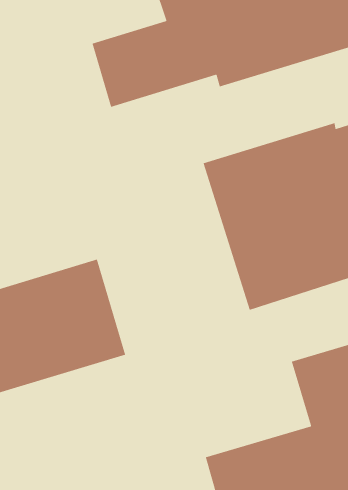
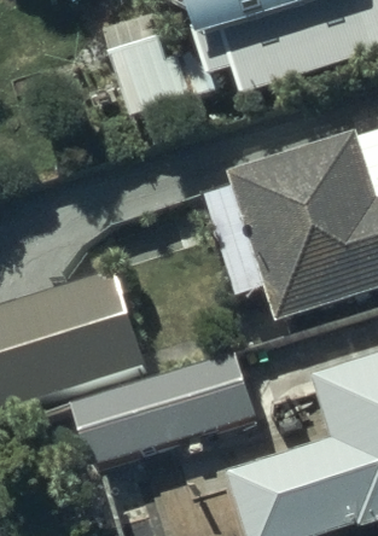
building: none -> [71,356,251,467]

